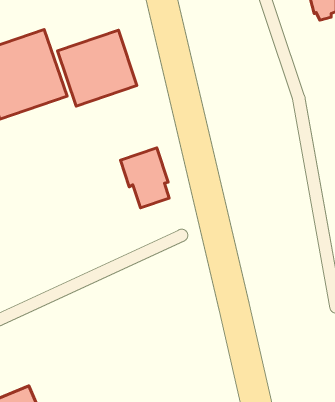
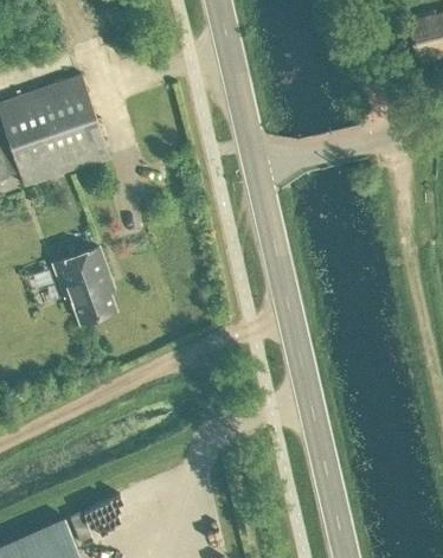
building: [58,30,137,106] -> none
building: [121,148,169,208] -> [56,250,116,325]

